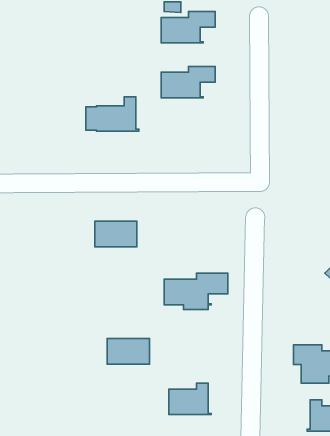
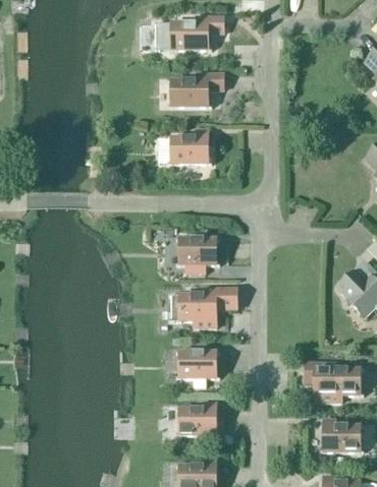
building: [86,97,139,131] -> [158,127,213,163]
building: [95,221,137,247] -> [177,237,221,263]
building: [107,339,149,364] -> [177,350,221,376]

